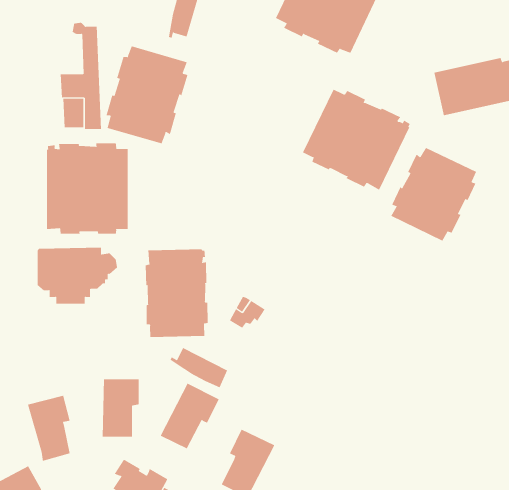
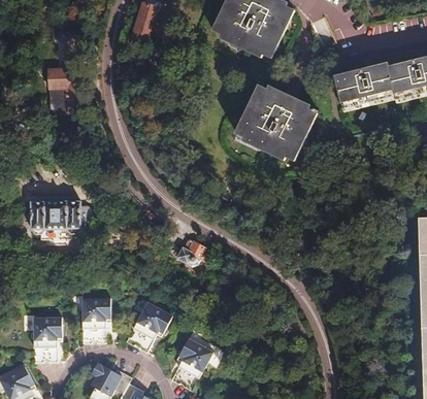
building: [106,45,188,144] -> none
building: [46,143,128,235] -> none
building: [391,147,477,242] -> none
building: [145,249,208,338] -> none
building: [170,347,228,388] -> none

